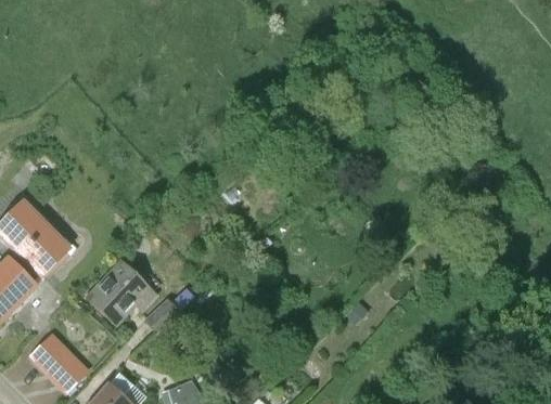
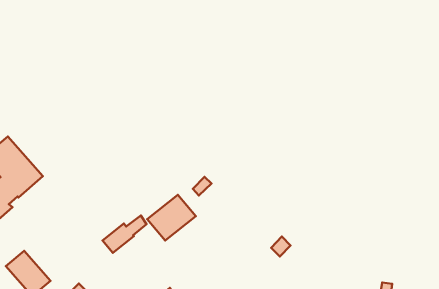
building: none -> [147,195,196,240]
building: [89,260,157,322] -> none

